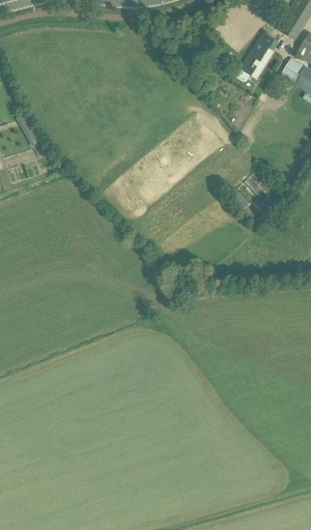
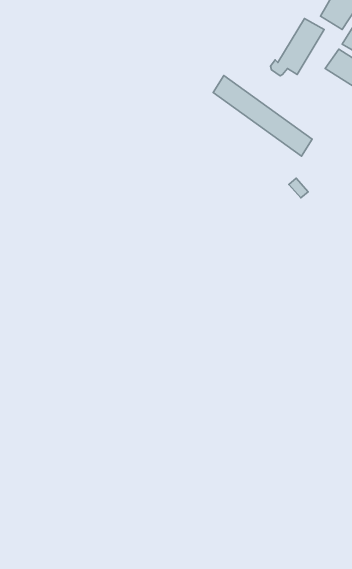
building: none -> [213,76,312,156]

